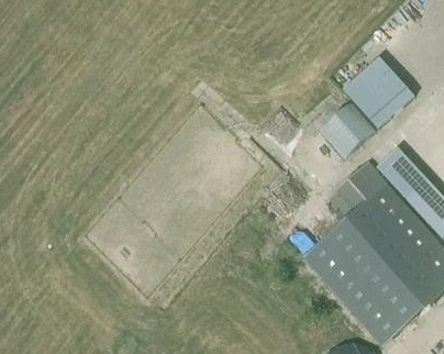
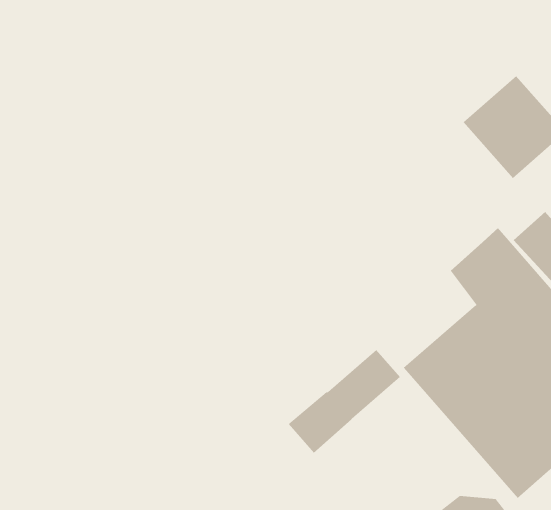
building: [320,102,377,158] -> none
building: none -> [288,349,401,453]

